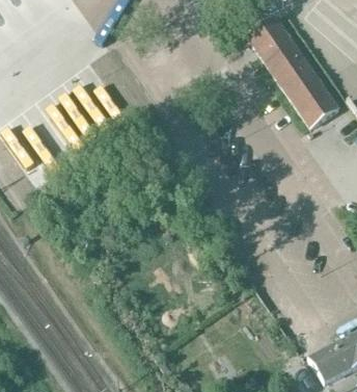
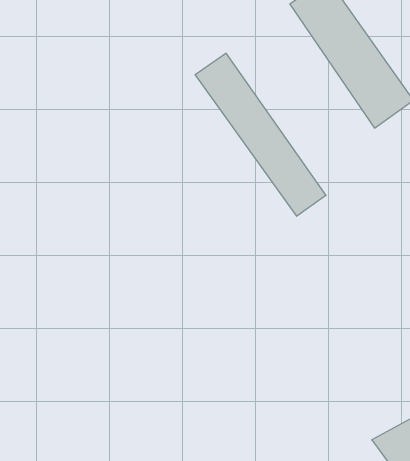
building: none -> [195,53,326,216]

